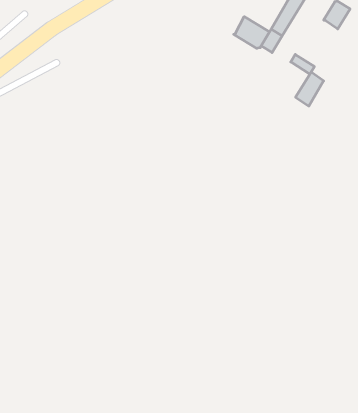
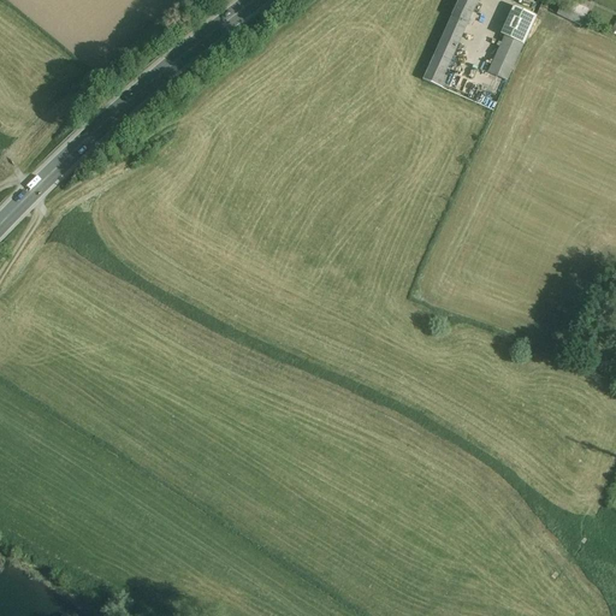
building: [234,17,270,48] -> none
building: [296,72,324,106] -> [487,32,522,78]

